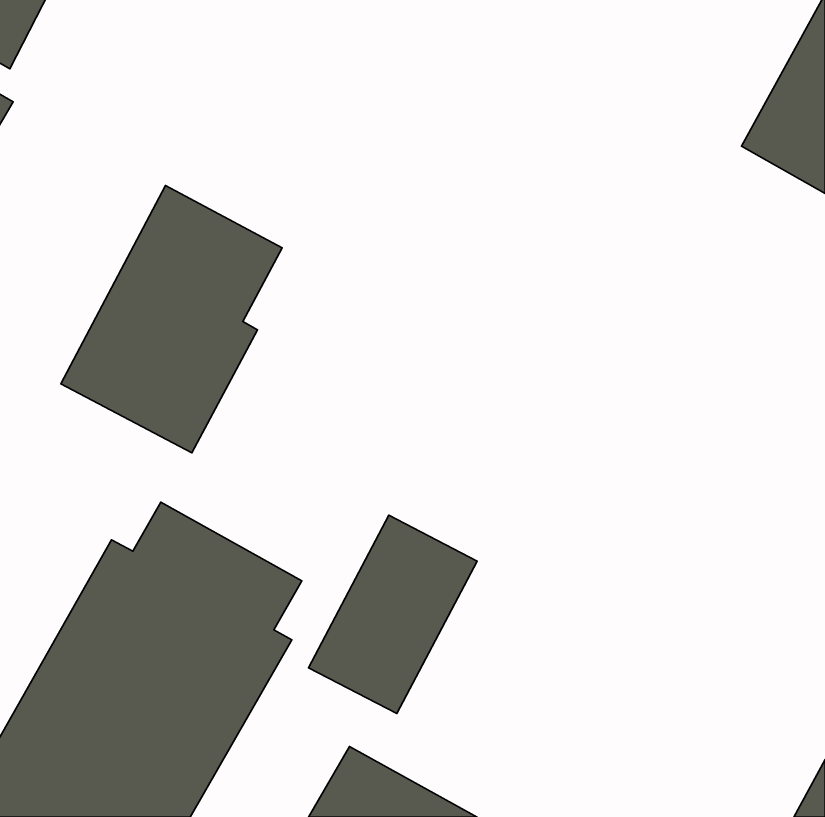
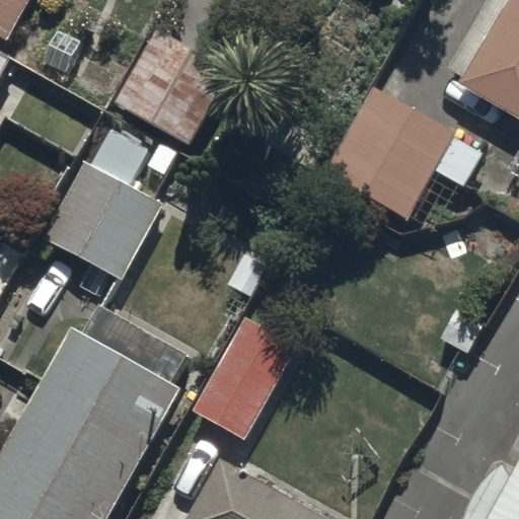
building: none -> [115,29,232,146]
building: none -> [323,87,481,221]

